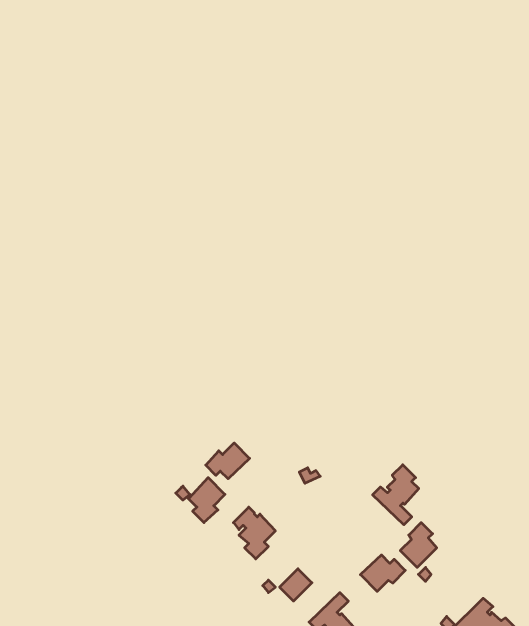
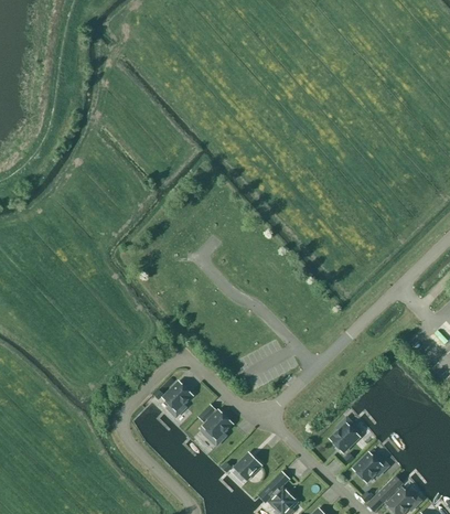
building: [206,443,250,479] -> none
building: [373,465,419,525] -> none
building: [360,555,405,591] -> [353,453,388,482]

